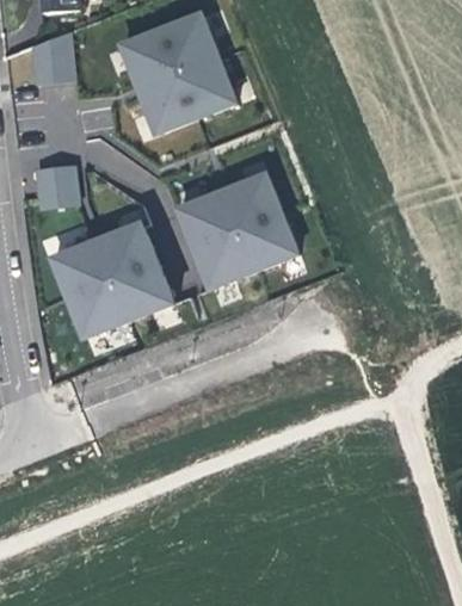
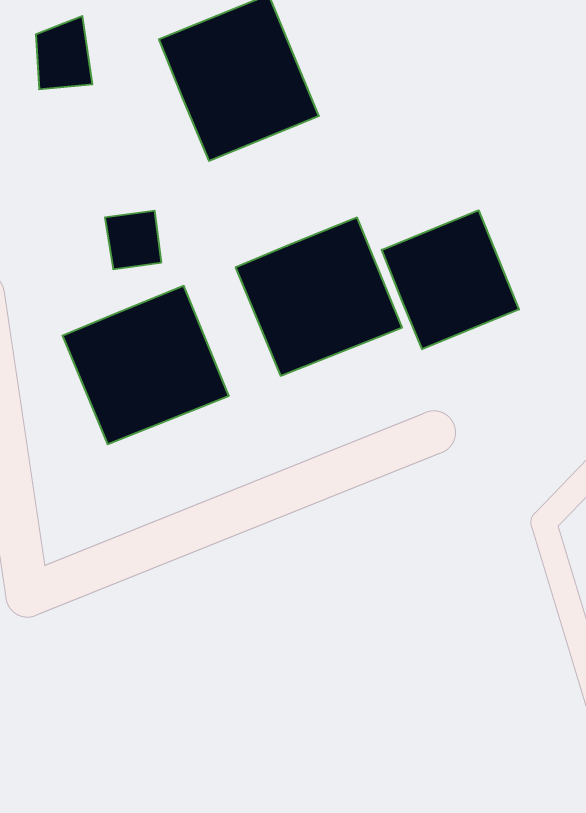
building: [35,166,75,208] -> [105,211,161,269]
building: none -> [382,210,519,349]

